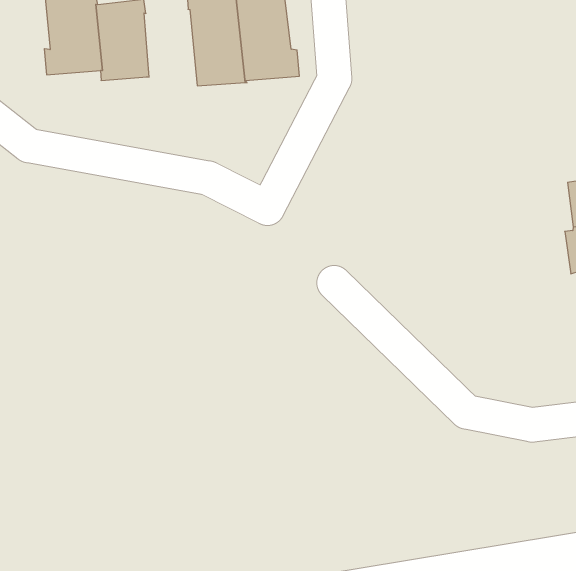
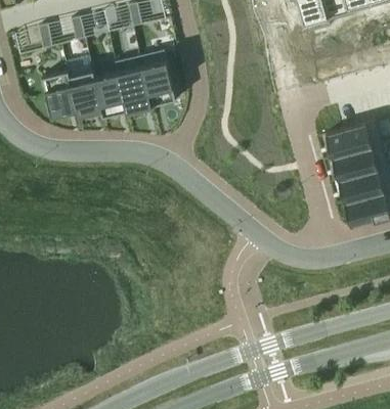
building: none -> [94,70,127,118]

